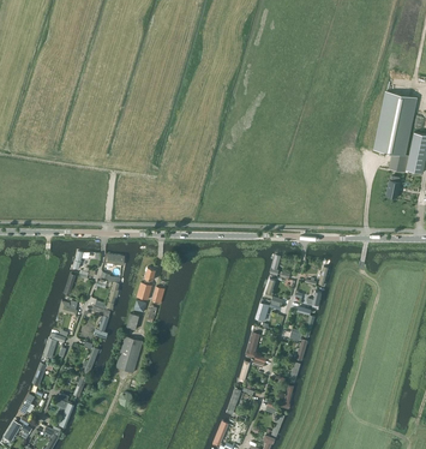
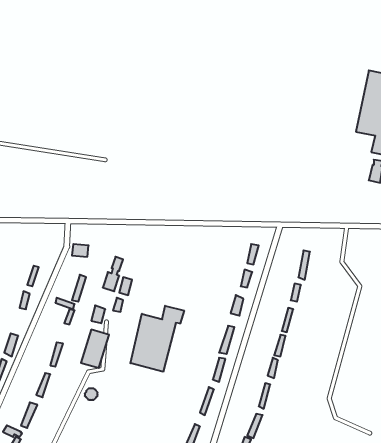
building: none -> [130,306,184,372]

